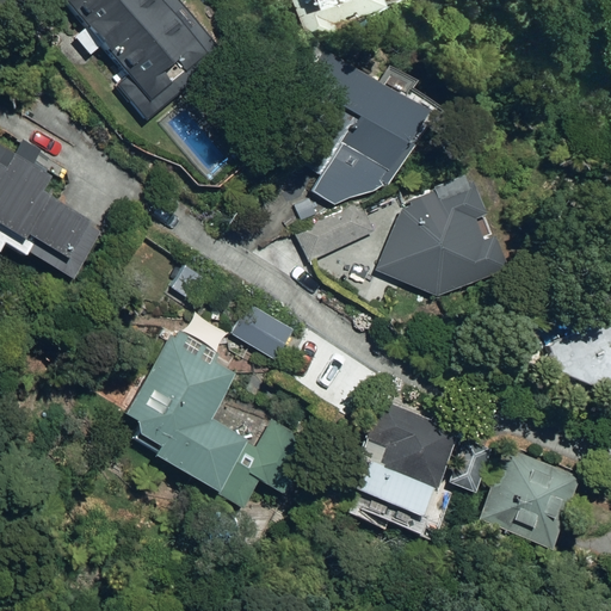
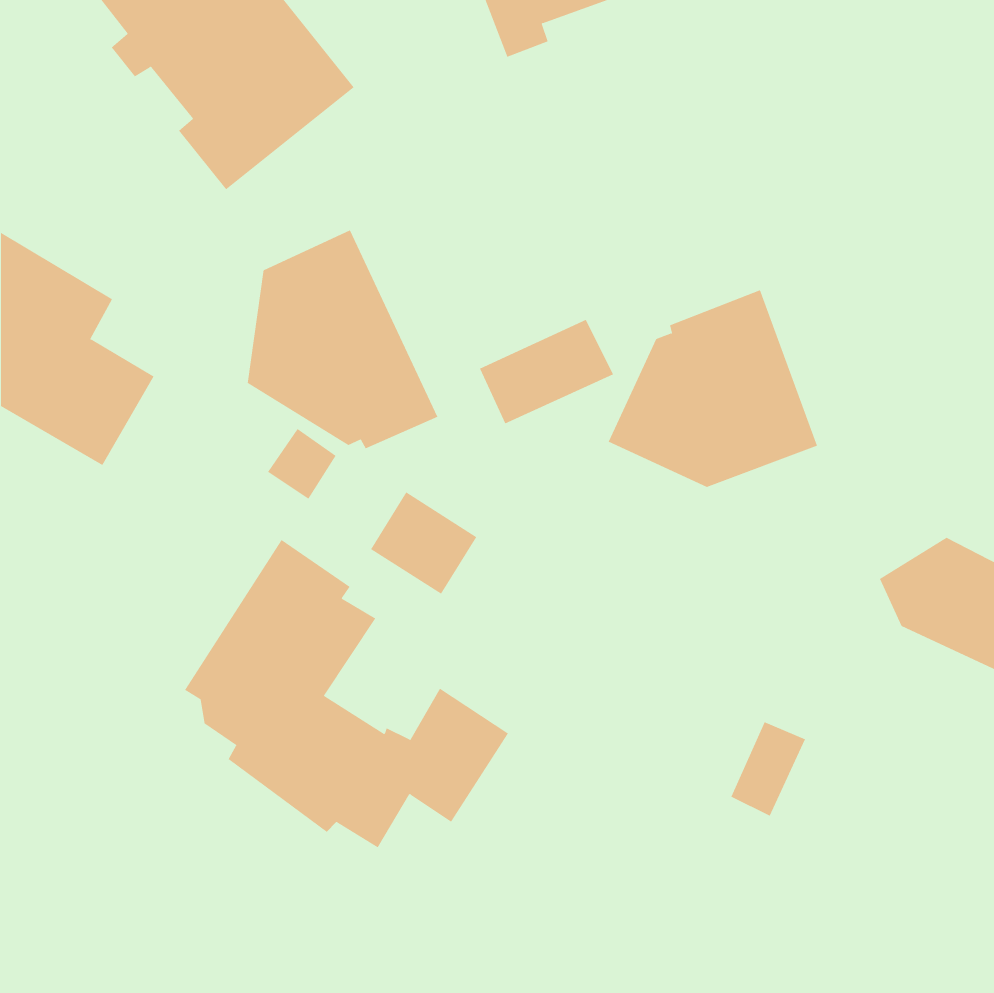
building: [309,54,424,198] -> none
building: none -> [247,229,438,449]
building: [346,399,461,541] -> none
building: [479,444,582,553] -> none

